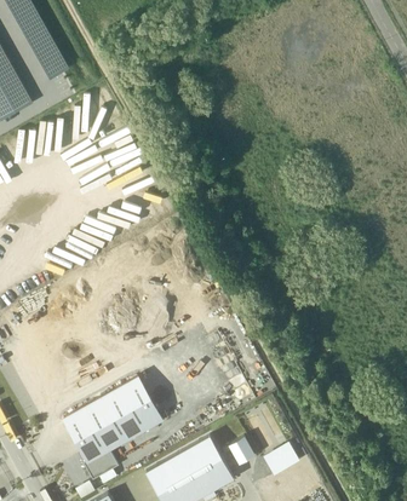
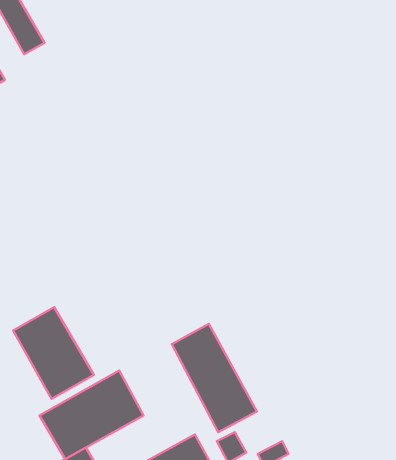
building: none -> [13,307,94,399]
building: none -> [172,324,257,432]

